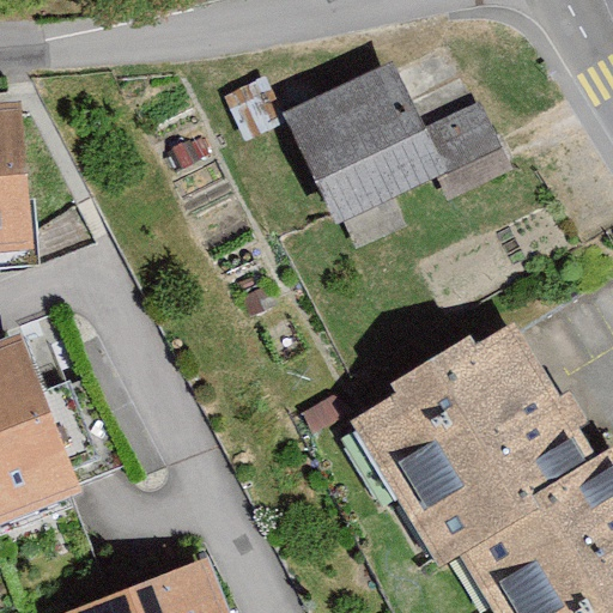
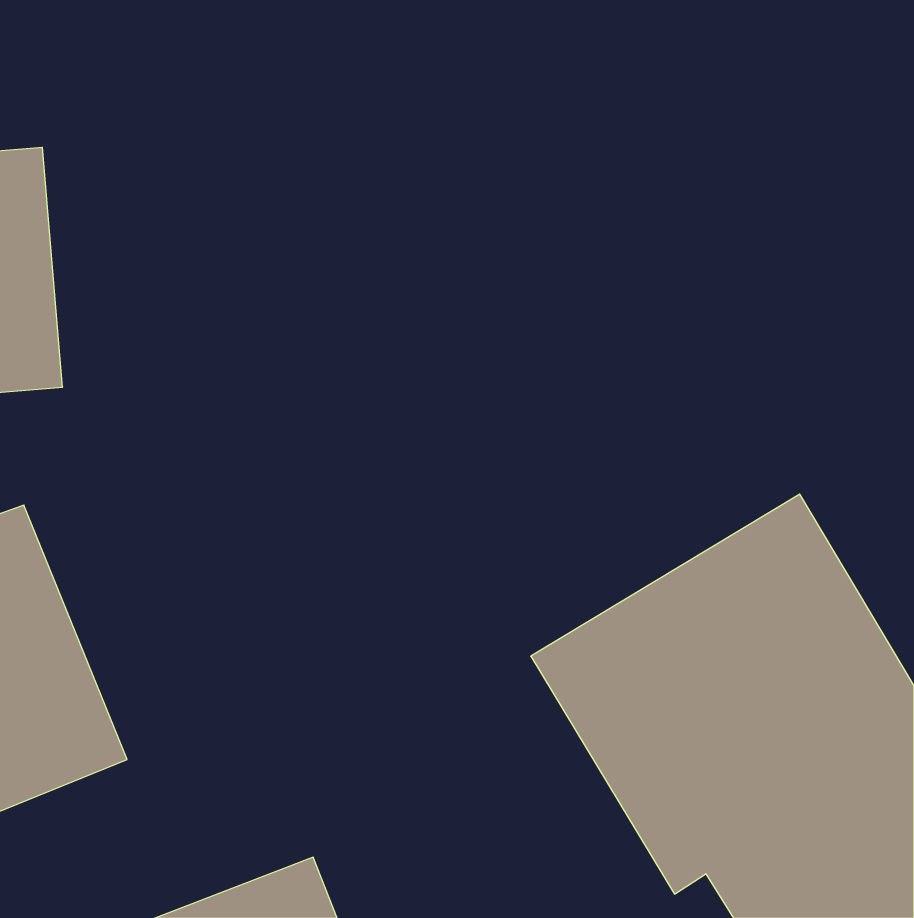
building: [284,60,505,226] -> none

